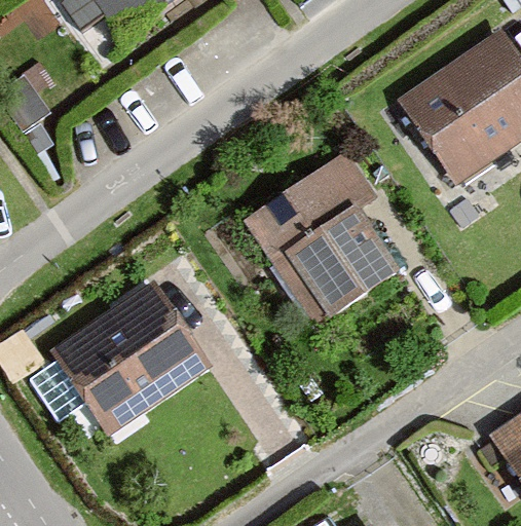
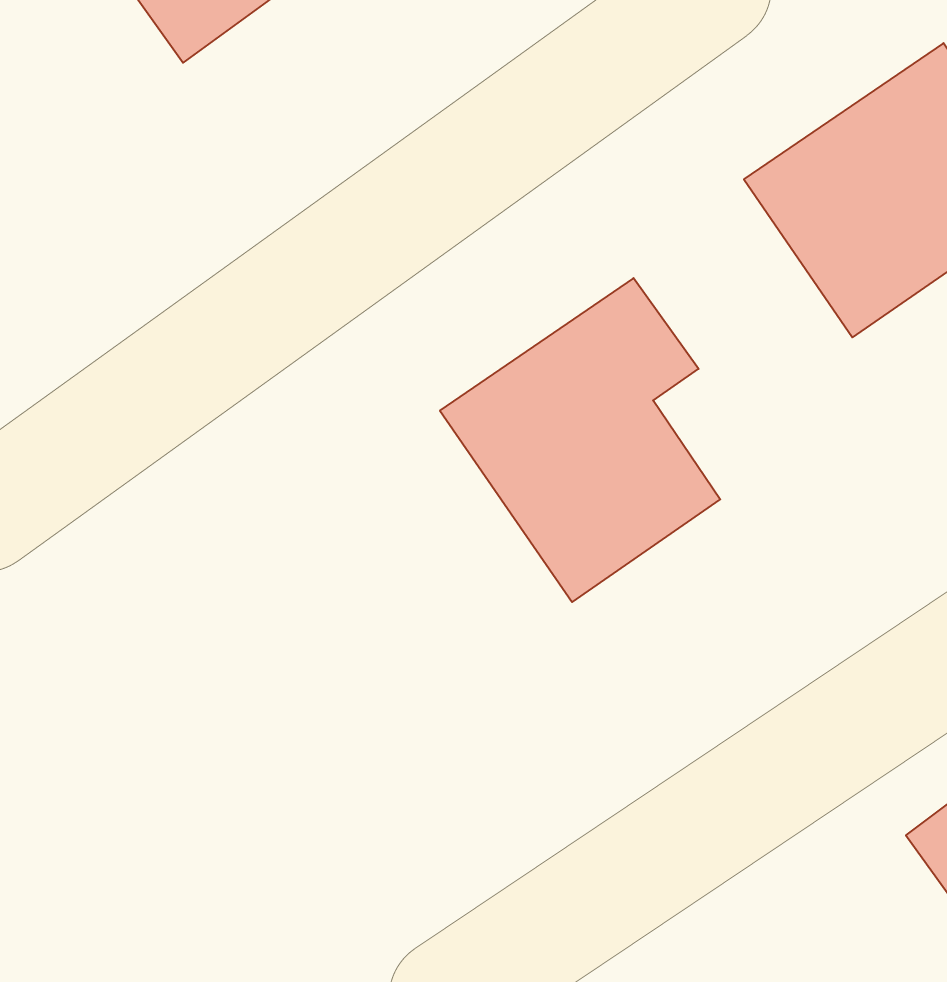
building: [45,279,210,439] -> none

